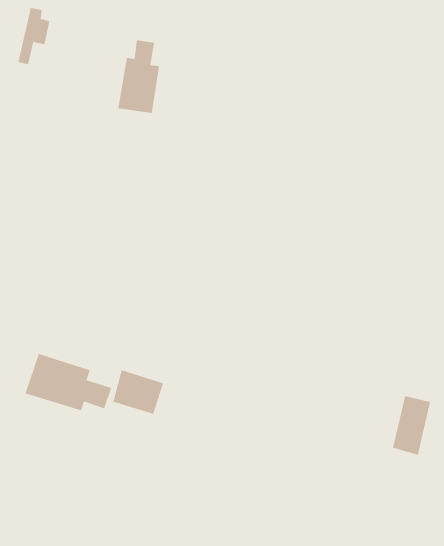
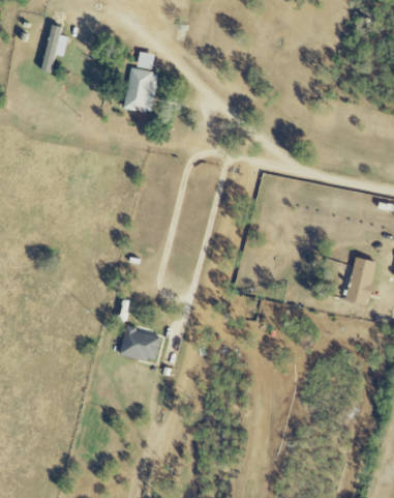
building: [25,353,112,411] -> none
building: [392,395,431,455] -> [344,256,376,305]

